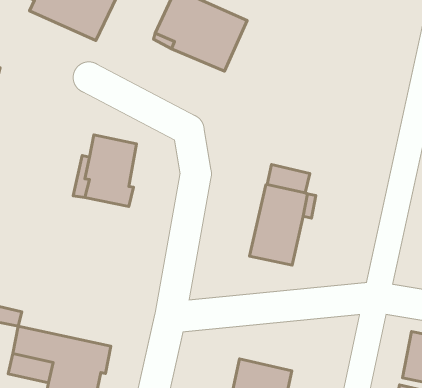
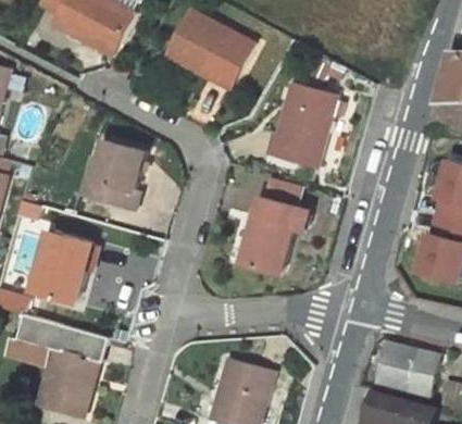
building: none -> [264,83,335,166]
building: none -> [32,230,91,302]

